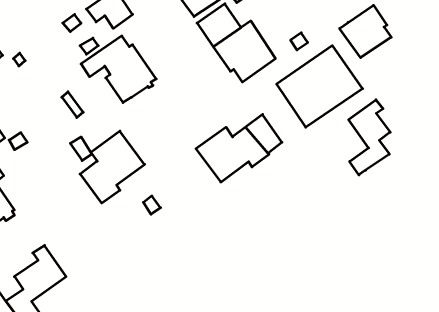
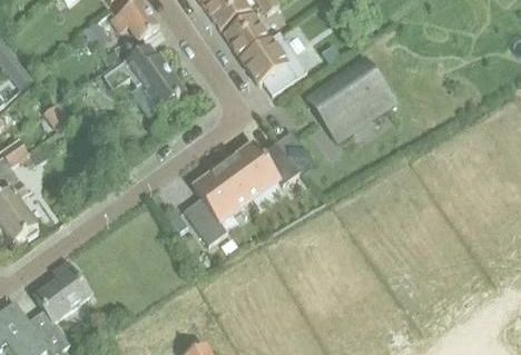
building: [340,5,391,58] -> none
building: [349,100,390,175] -> none
building: [80,131,145,203] -> [181,164,248,238]

